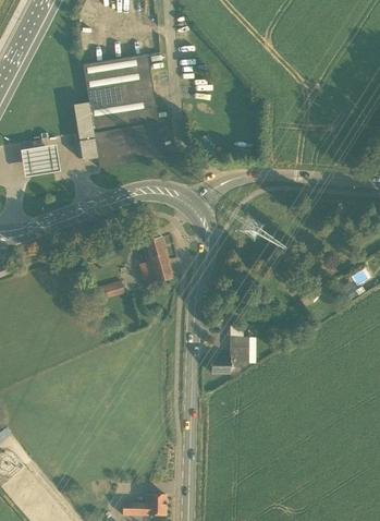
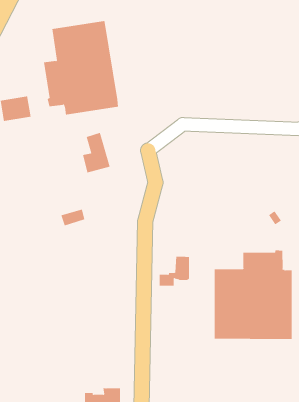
building: [139,235,173,284] -> [82,132,111,173]
building: none -> [214,249,292,340]

